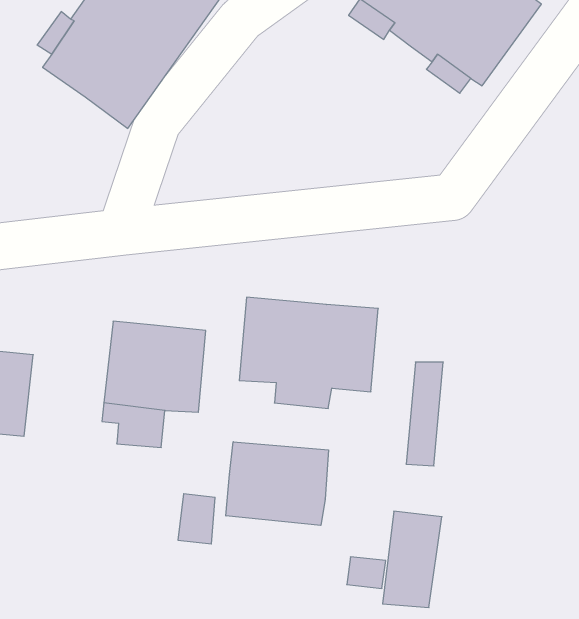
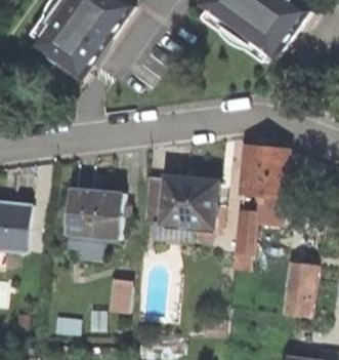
building: none -> [243,145,287,223]
building: [226,442,328,525] -> none
building: [383,511,442,608] -> [285,262,317,315]

